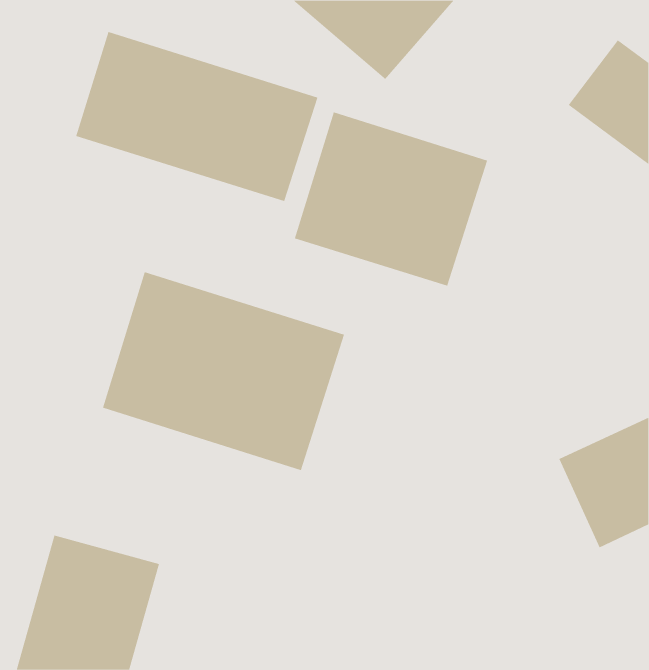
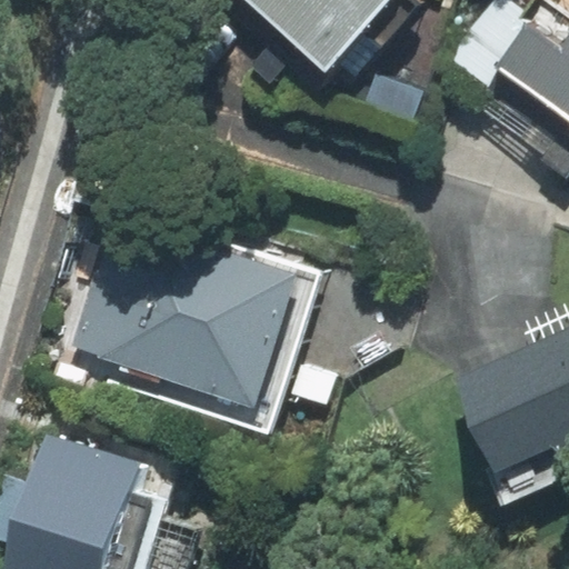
building: [76,31,318,202] -> none
building: [294,112,488,287] -> none

